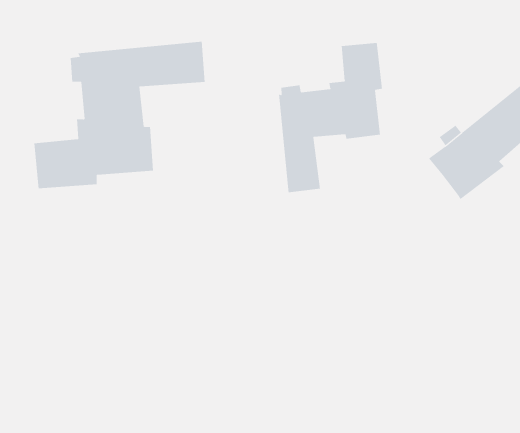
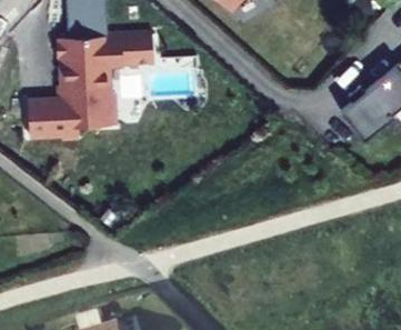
building: [278,42,383,193] -> none

